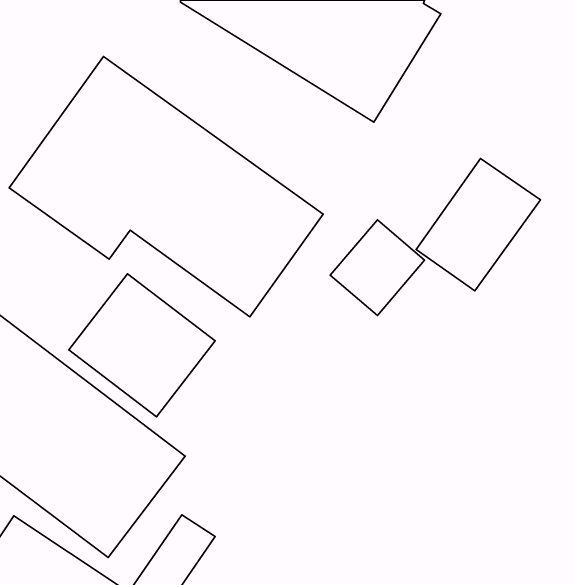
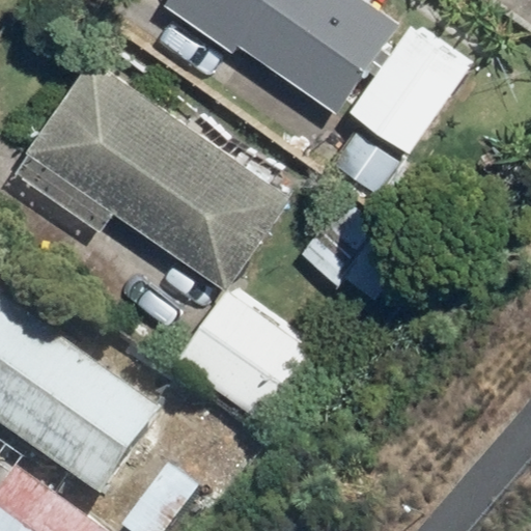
building: [416,159,540,291] -> [356,28,468,147]
building: [69,274,215,417] -> [176,290,308,419]

